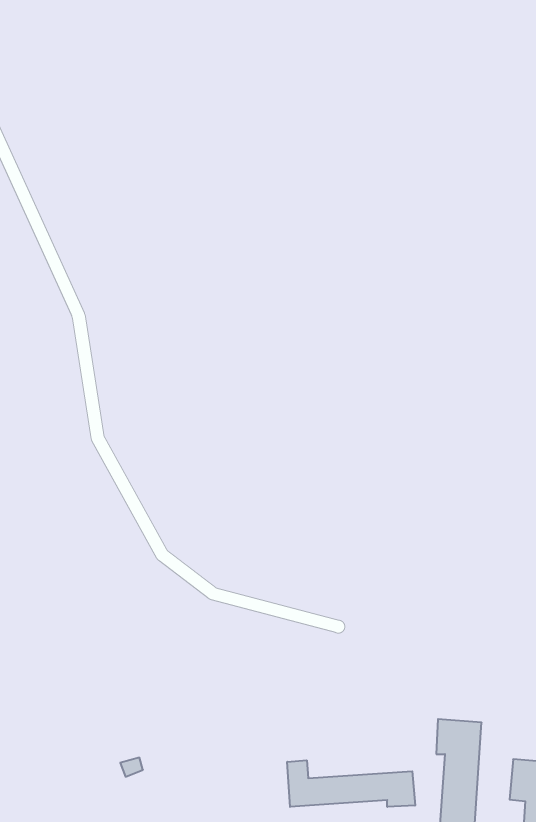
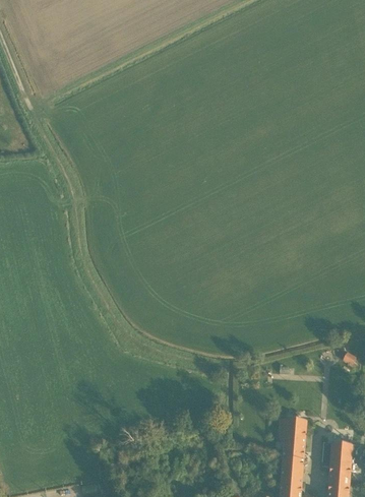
building: [287,760,415,807] -> none

